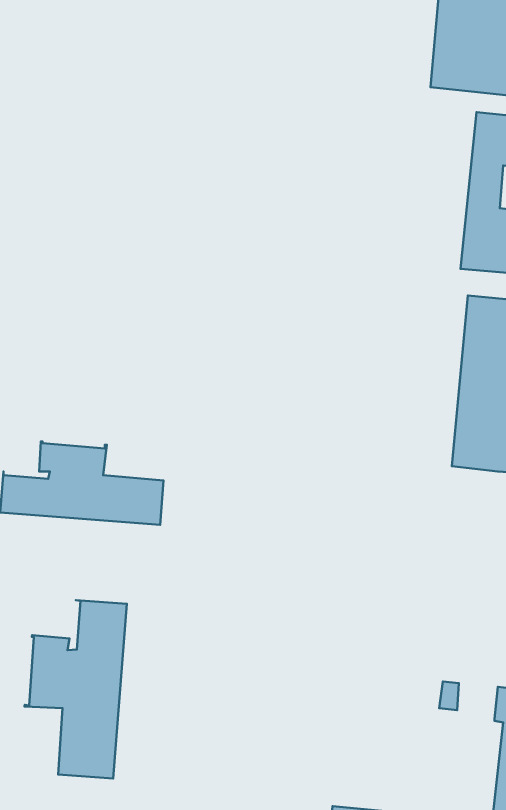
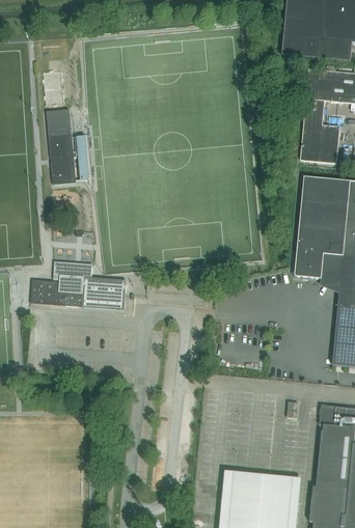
building: none -> [46,108,75,184]
building: [25,600,127,779] -> none

